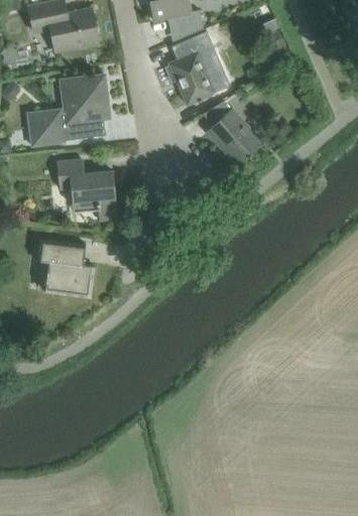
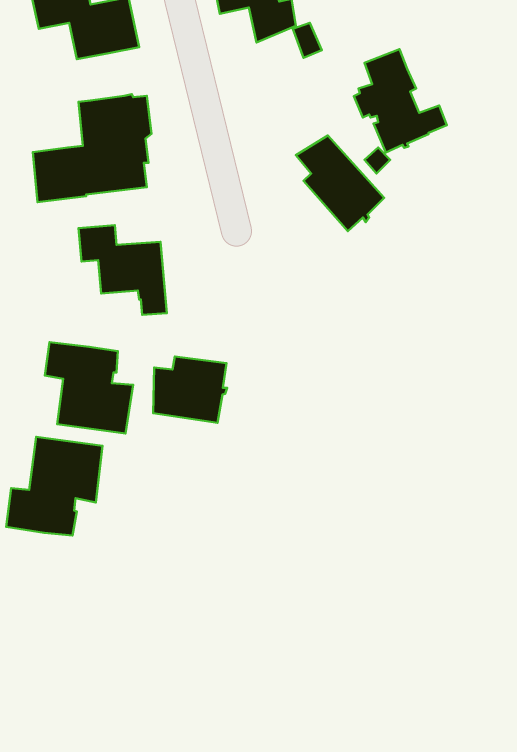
building: [165,36,227,105] -> [354,49,447,152]
building: none -> [153,356,227,423]
building: none -> [6,437,102,536]

